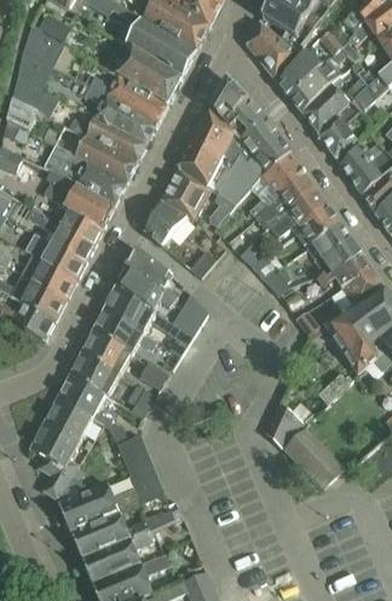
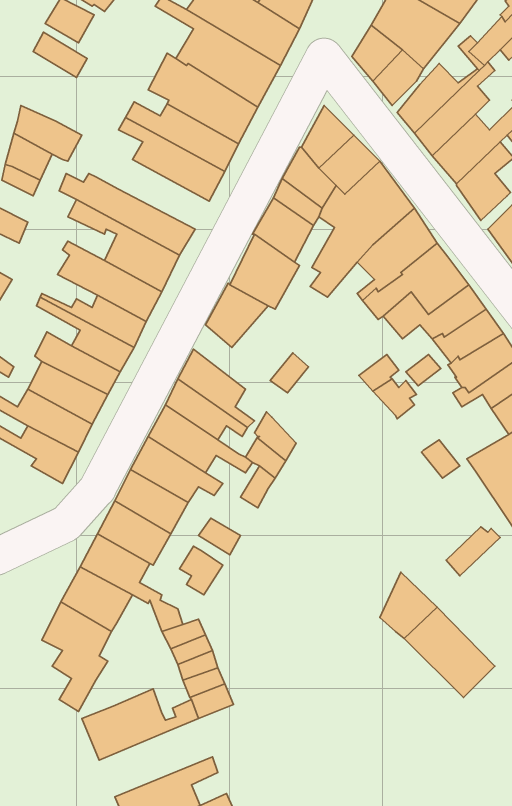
building: [16,51,52,88] -> none
building: [68,115,146,163] -> none
building: [70,507,174,557] -> none

